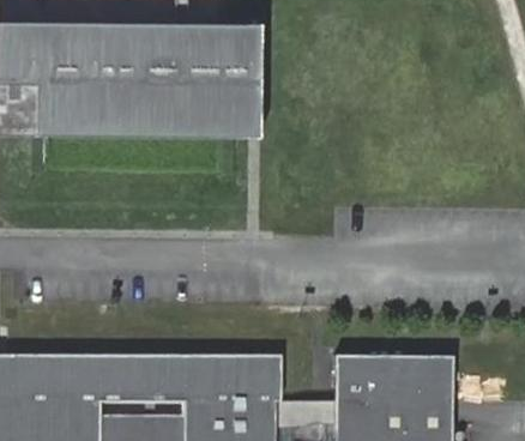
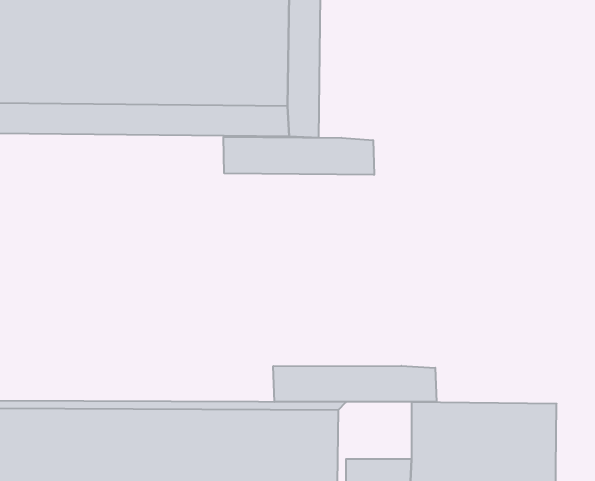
building: none -> [223,137,374,175]
building: none -> [273,366,437,402]

